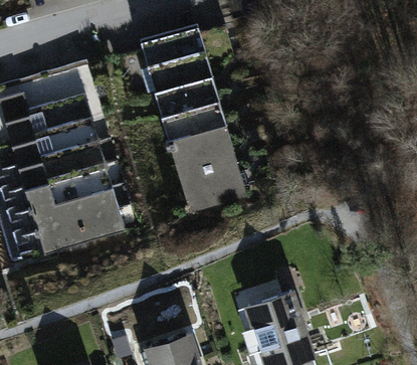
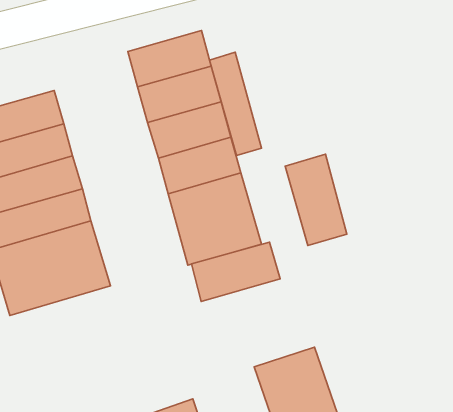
building: none -> [210,52,261,156]
building: none -> [285,154,347,246]
building: none -> [192,242,280,301]

